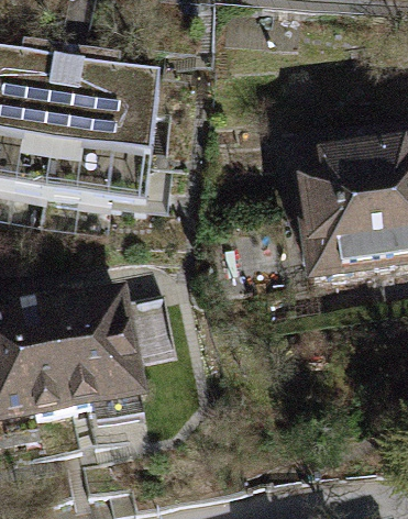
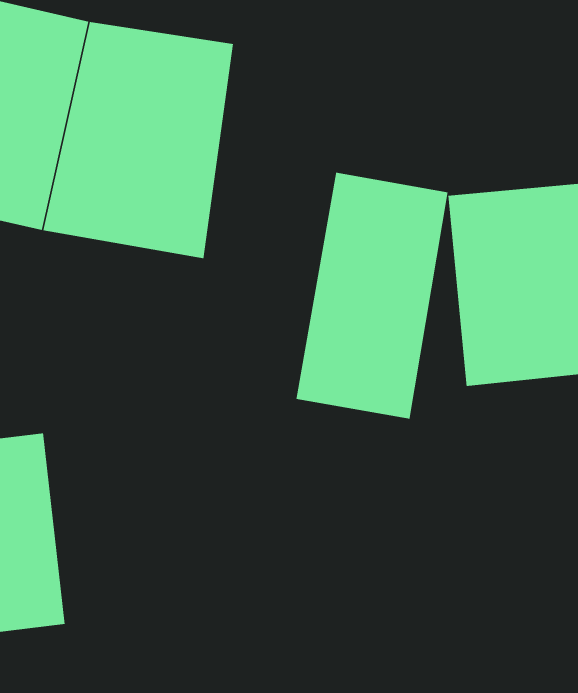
building: none -> [296,172,448,419]
building: [49,298,151,430] -> none

